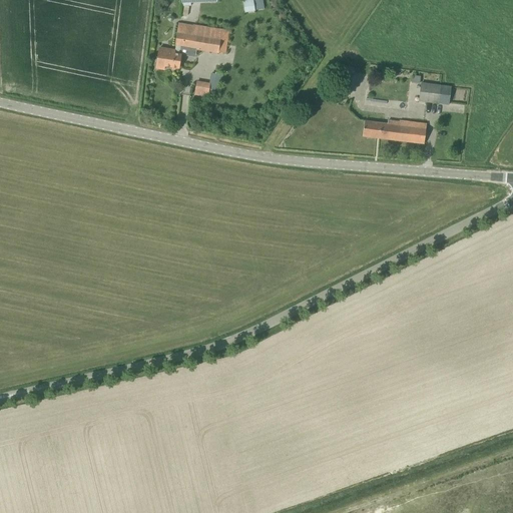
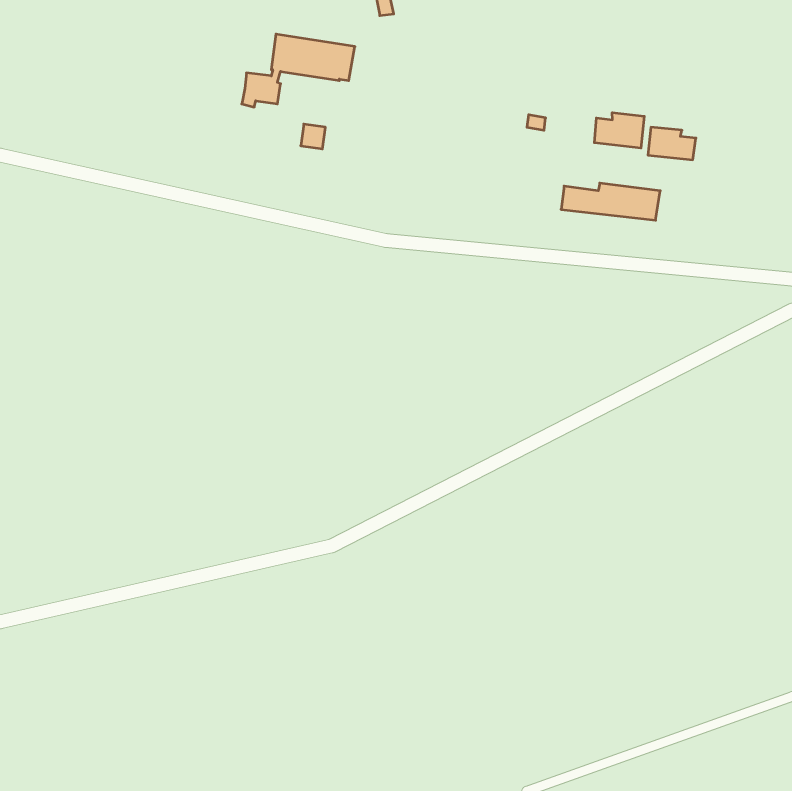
building: none -> [594,113,644,148]

